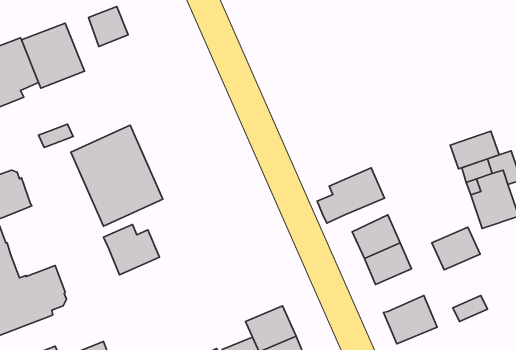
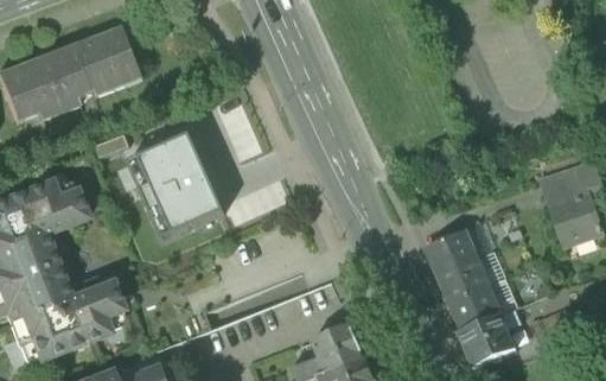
building: [88,6,128,46] -> none
building: [450,131,499,169] -> none
building: [317,168,384,223] -> none
building: [103,224,160,275] -> none
building: [432,227,480,270] -> [449,286,500,331]

